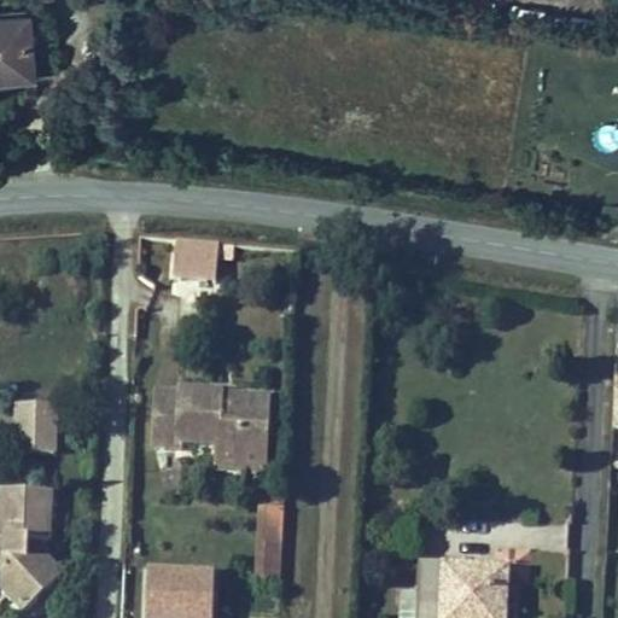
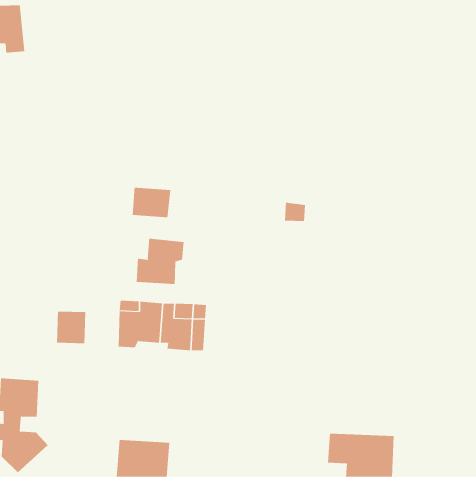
building: none -> [136,238,184,285]
building: [18,406,57,448] -> [56,311,86,344]
building: [253,517,285,576] -> none

